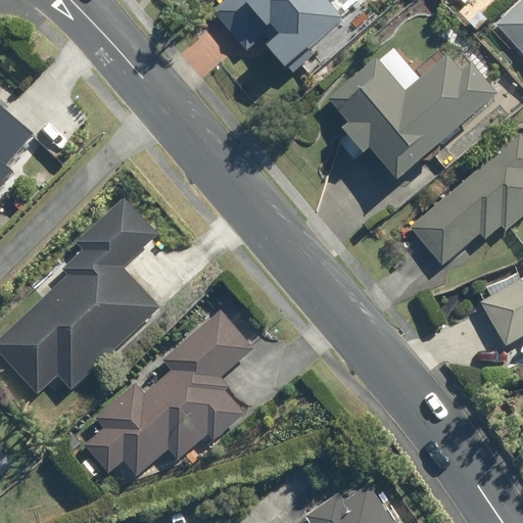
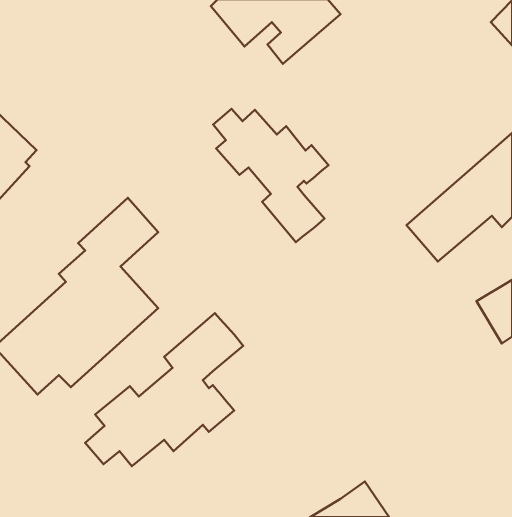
building: [330,54,500,179] -> none
building: none -> [213,109,328,242]

